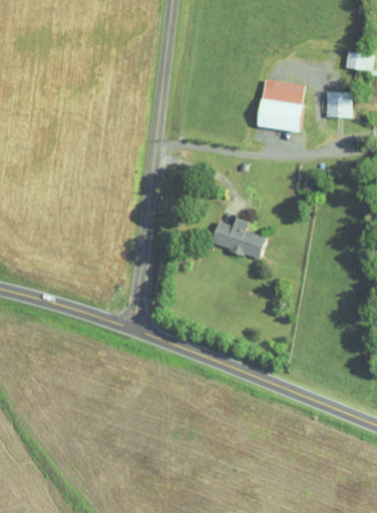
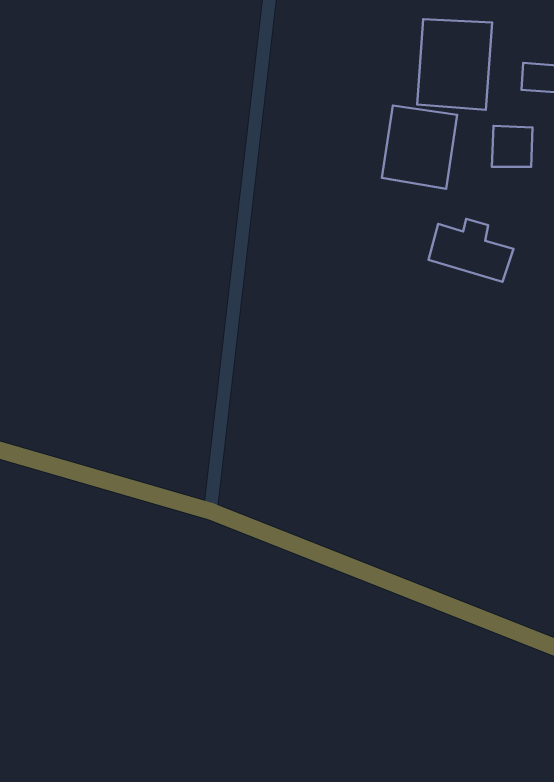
building: none -> [417,19,492,110]
building: [212,217,266,258] -> [429,219,513,282]

